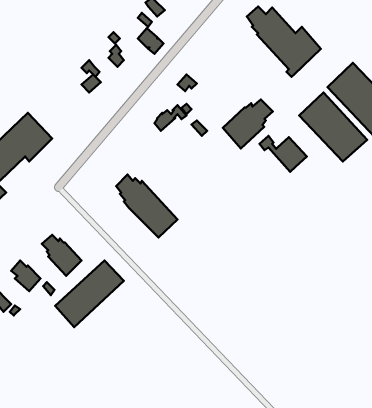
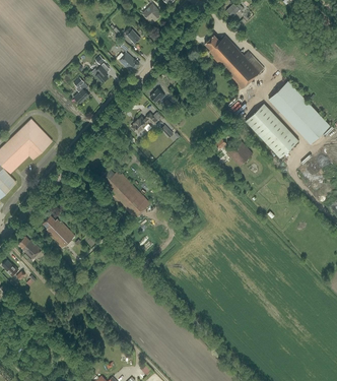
building: [223,99,273,148] -> none
building: [55,261,124,327] -> none

